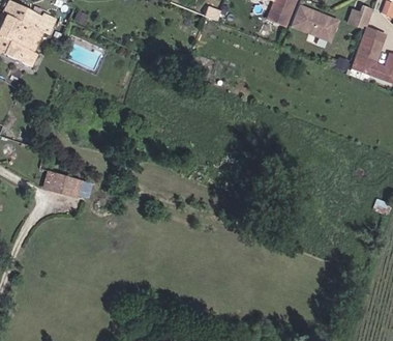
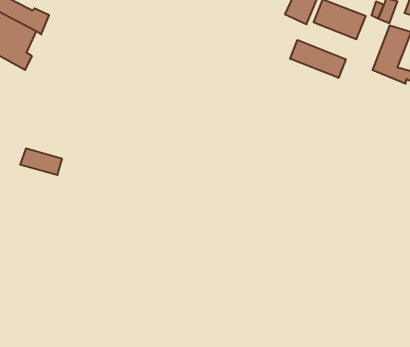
building: none -> [290,40,346,78]
building: [42,172,81,196] -> [20,149,62,175]

